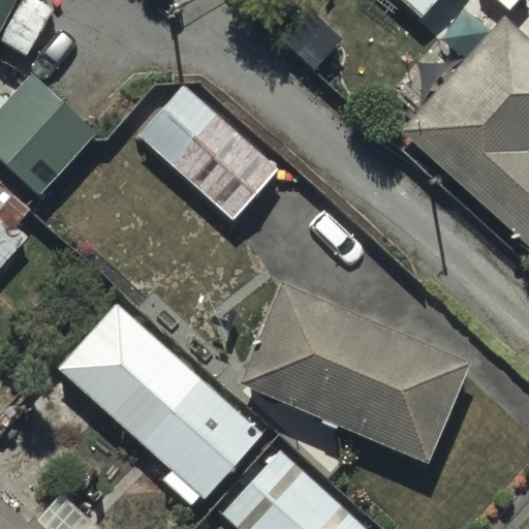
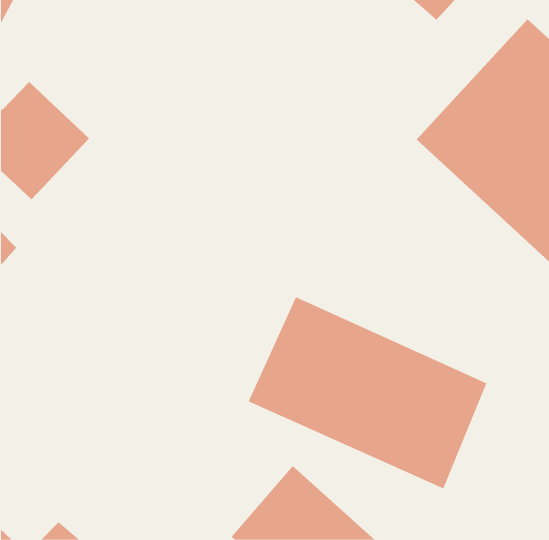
building: [138,85,275,219] -> none
building: [57,299,262,504] -> none

